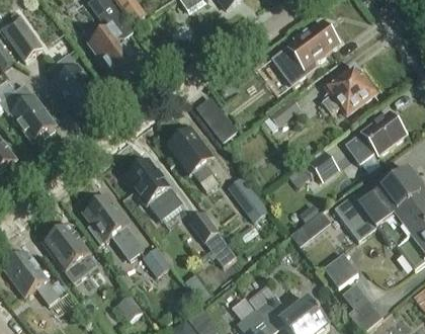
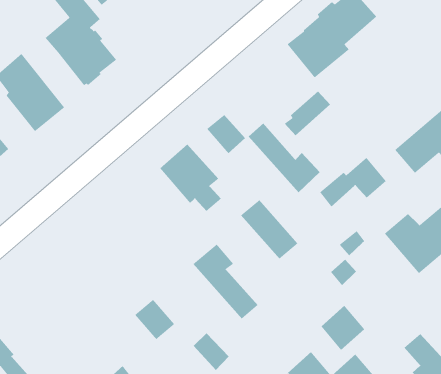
building: [323,65,376,114] -> none
building: none -> [248,123,320,193]
building: [129,160,182,217] -> none
building: [84,194,143,259] -> none
building: [46,224,96,280] -> none
building: [324,252,357,286] -> [321,305,365,351]

